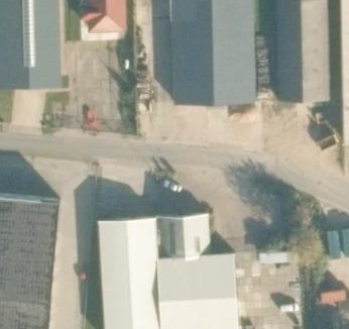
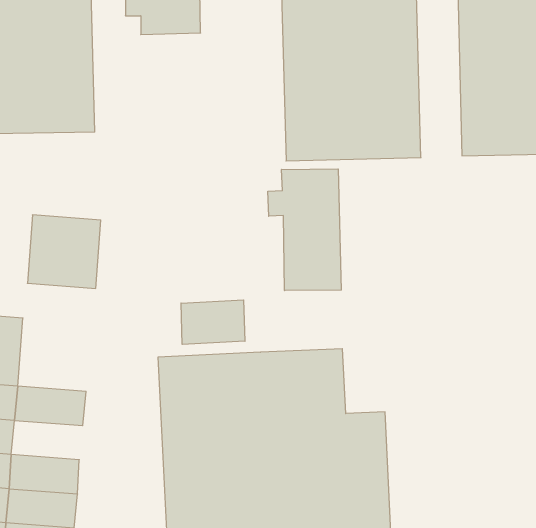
building: none -> [268,169,341,291]
building: none -> [181,300,245,344]
building: [16,198,60,241] -> [27,215,101,288]
building: [12,258,54,282] -> none

